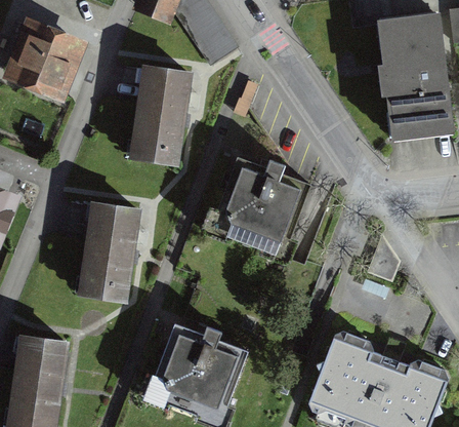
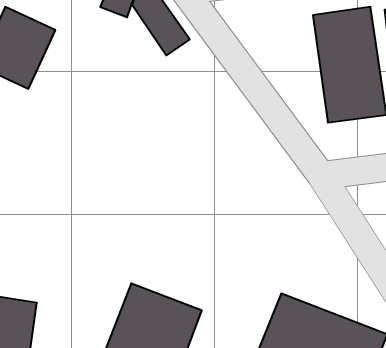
building: [129,65,194,164] -> none
building: [210,153,317,258] -> none
building: [78,199,141,300] -> none

